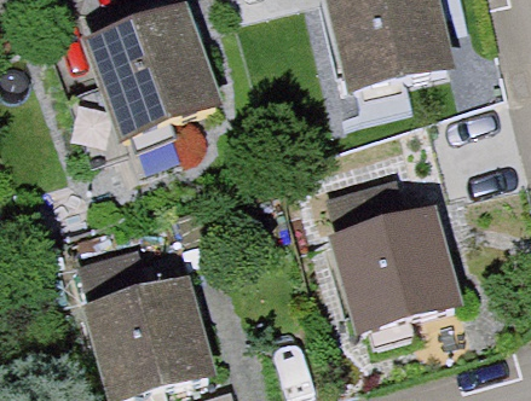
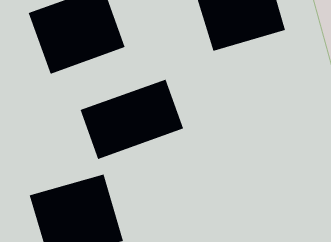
building: none -> [80,79,184,160]
building: [321,203,460,332] -> none

